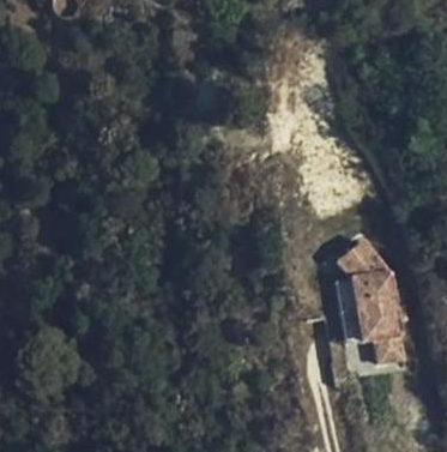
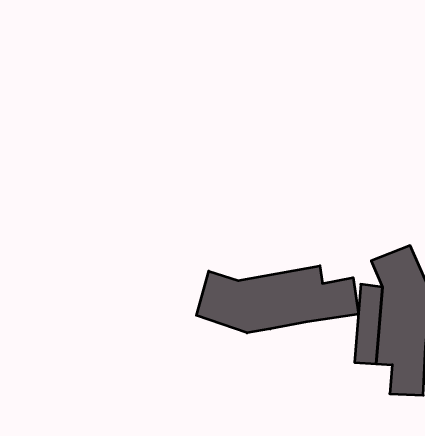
building: none -> [196,266,358,333]

